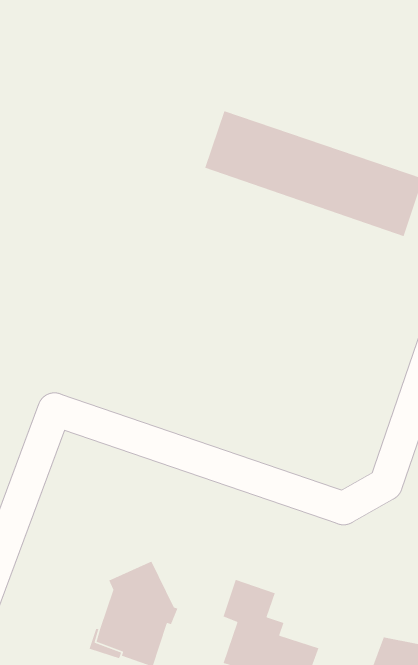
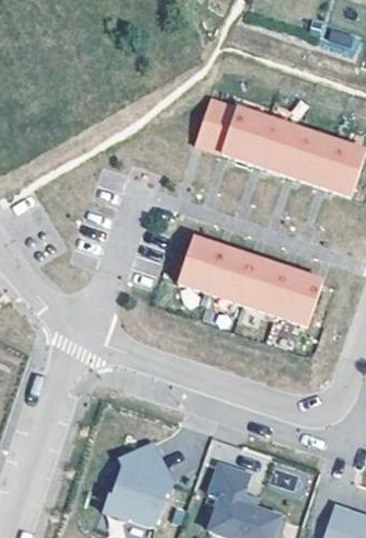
building: none -> [176,238,322,327]

